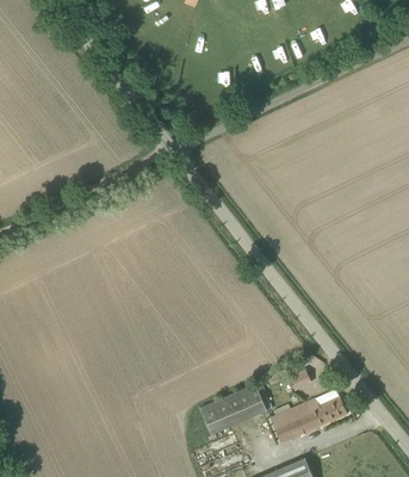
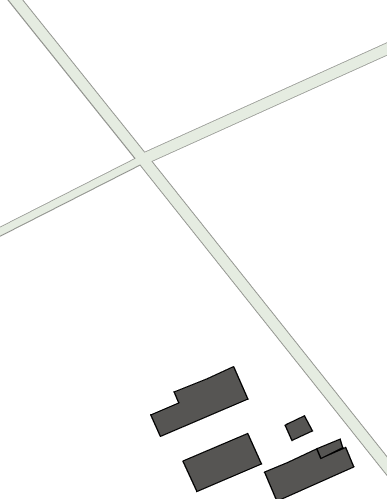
building: none -> [151,367,248,436]

